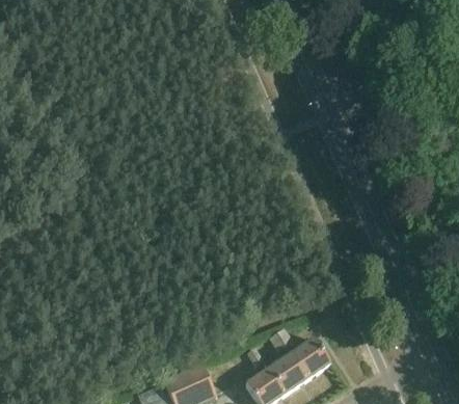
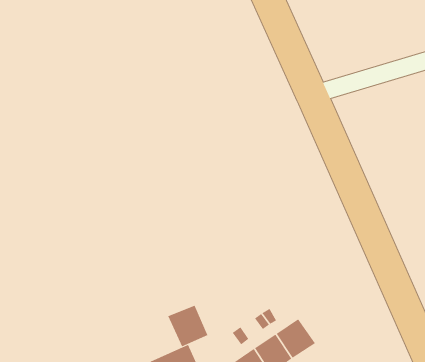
building: none -> [168,305,208,347]

